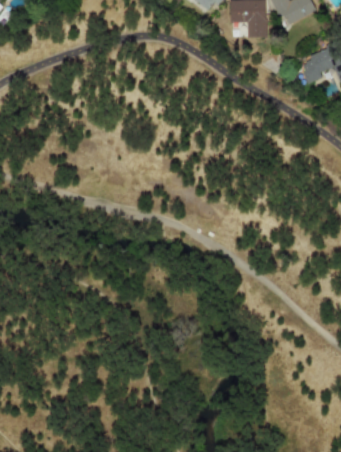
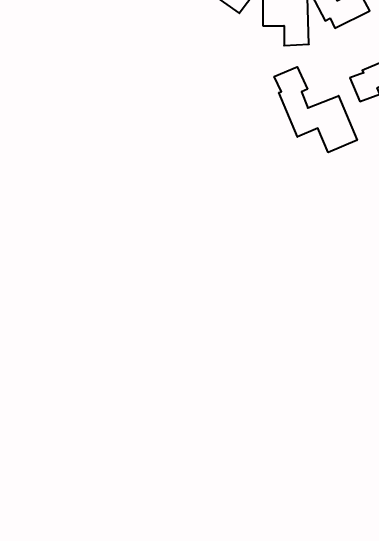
building: none -> [274,67,357,152]

